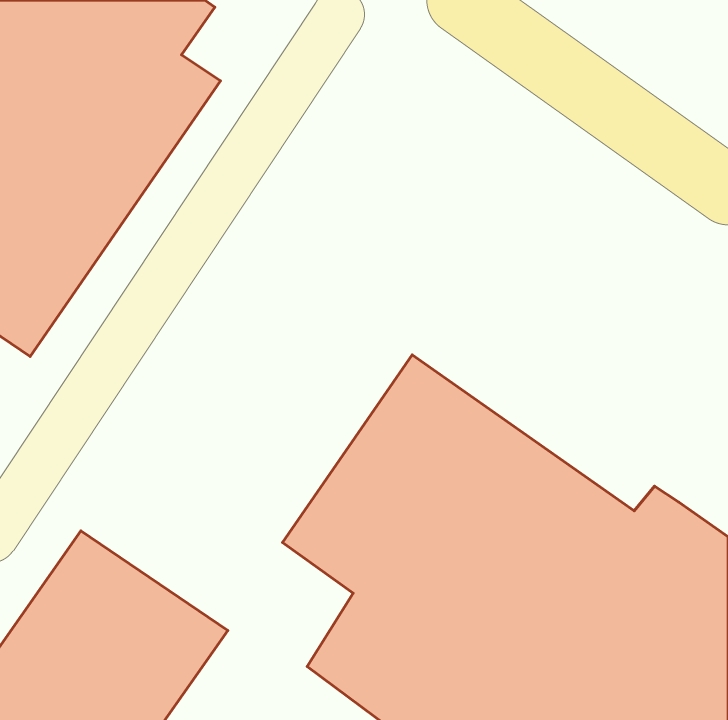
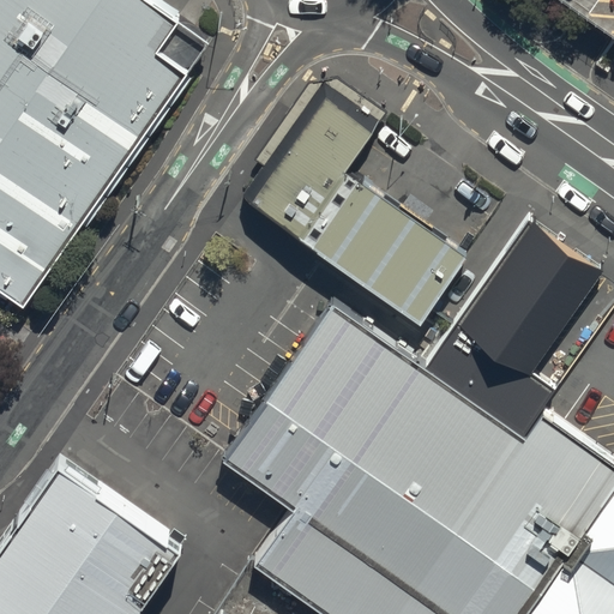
building: none -> [239,89,463,326]
building: none -> [439,219,600,393]

